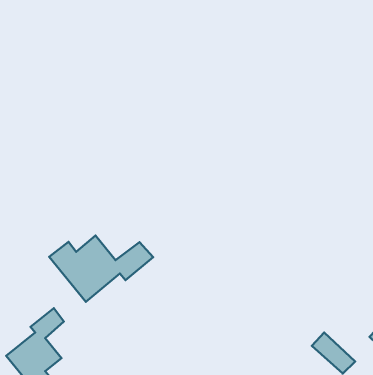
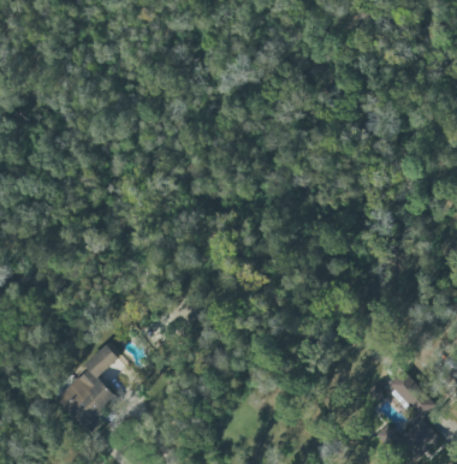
building: [49,235,153,302] -> none

